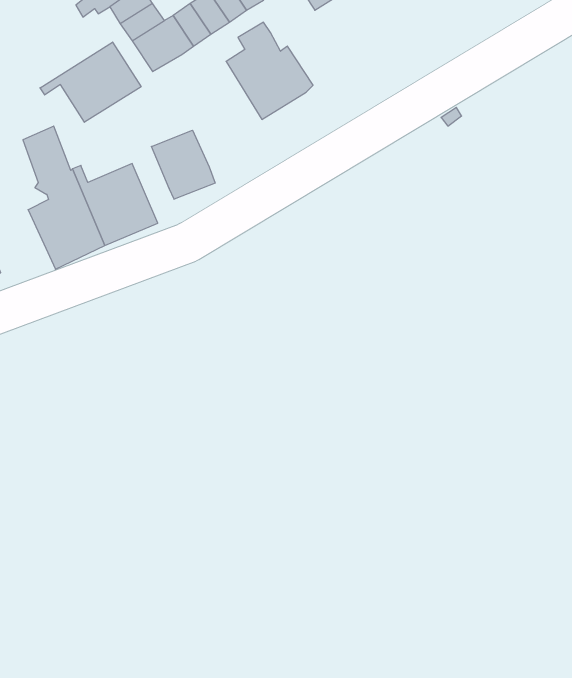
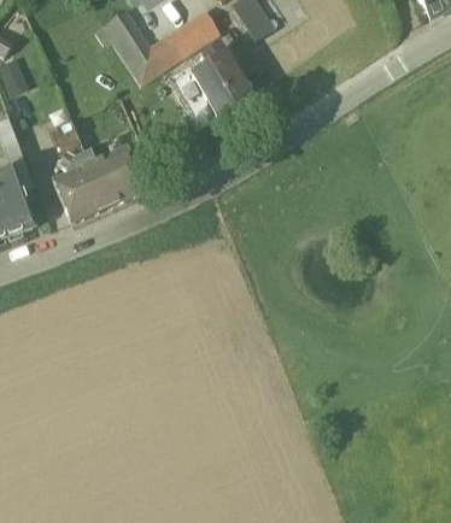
building: [40,42,141,122] -> none
building: [151,130,215,199] -> none

